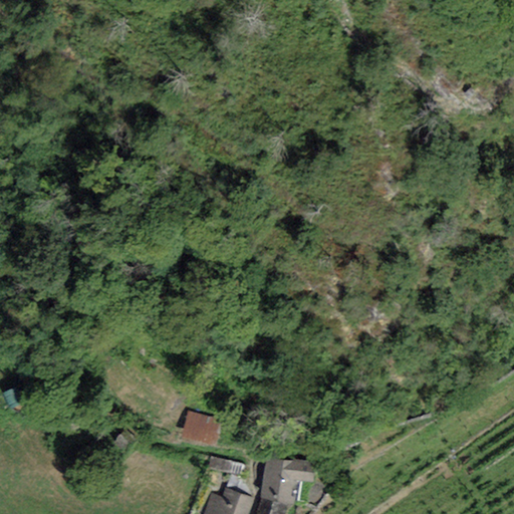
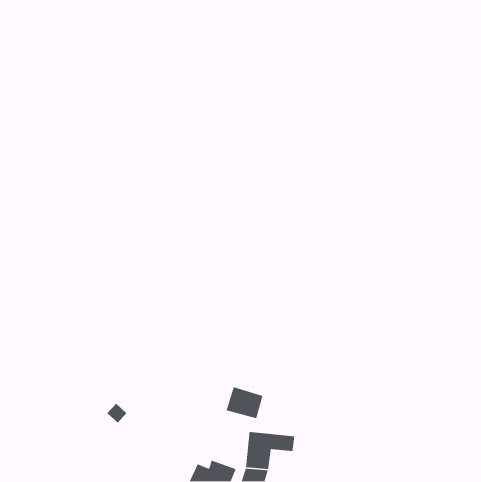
building: [182,410,222,445] -> [226,386,263,419]

